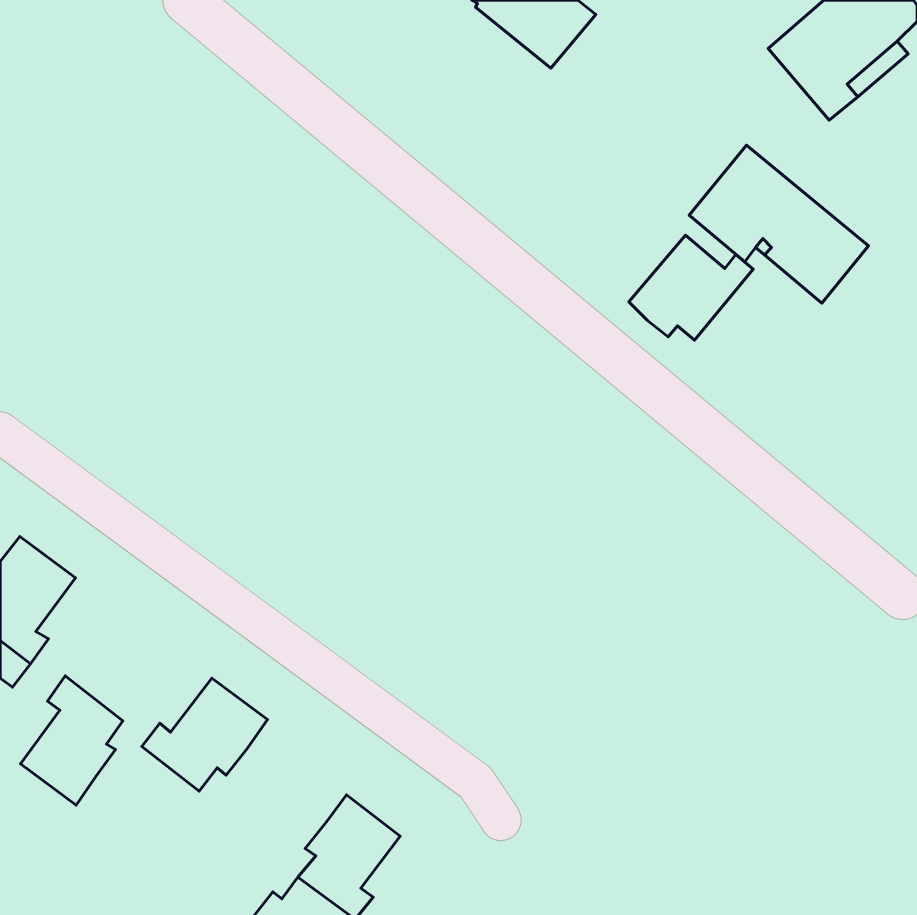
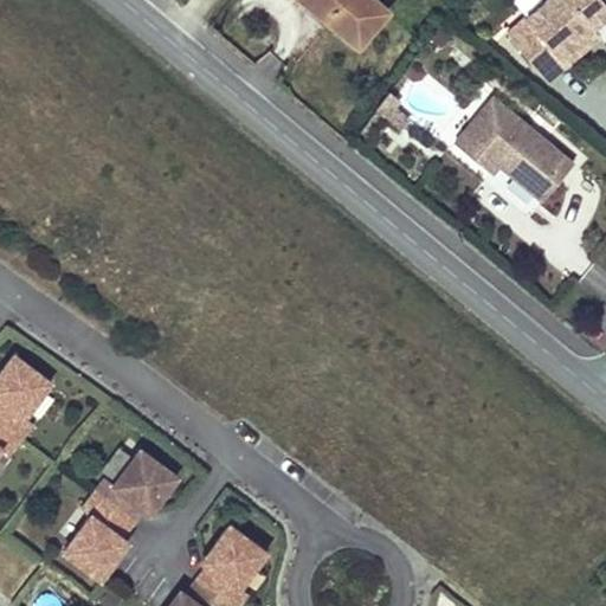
building: [629,235,753,340] -> none
building: [20,676,123,805] -> [64,494,131,579]

